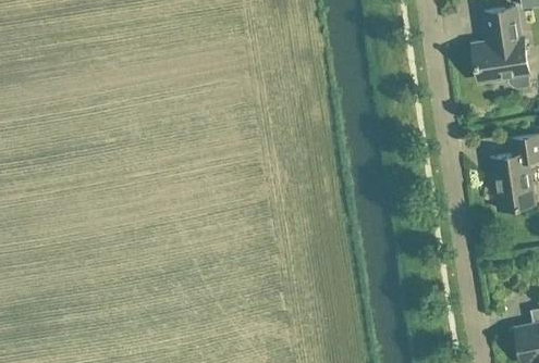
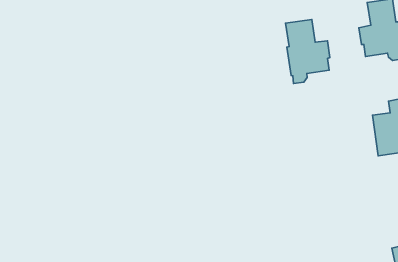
building: none -> [286,20,330,83]

